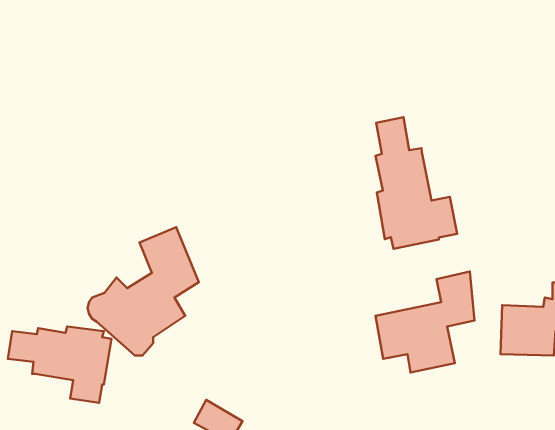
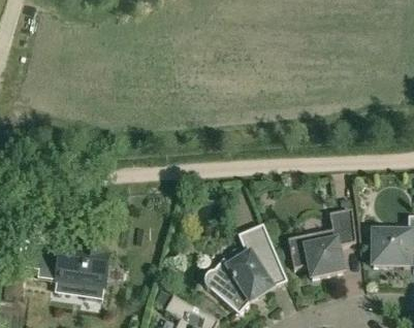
building: [376,117,457,249] -> none
building: [88,227,199,355] -> [203,227,279,314]

